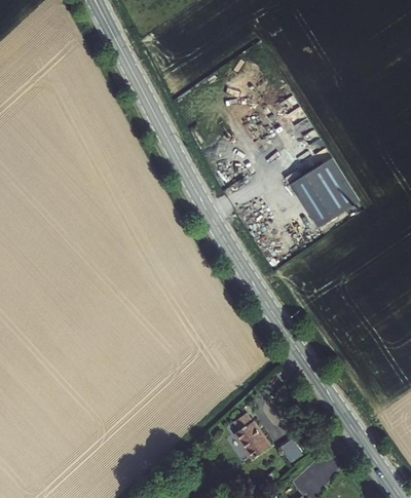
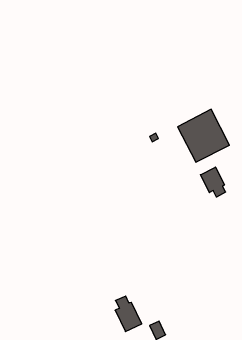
building: none -> [200,167,226,197]

